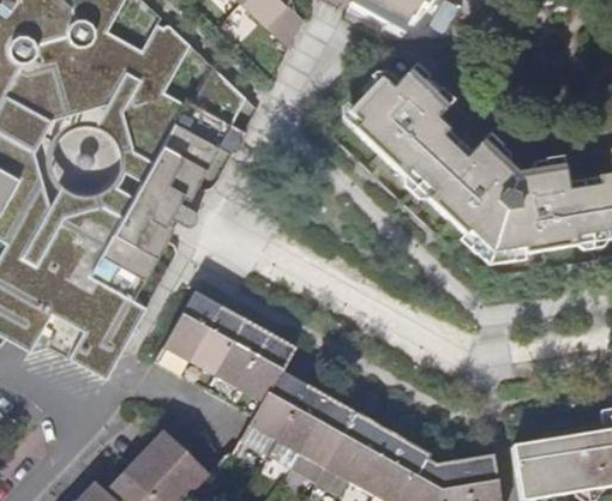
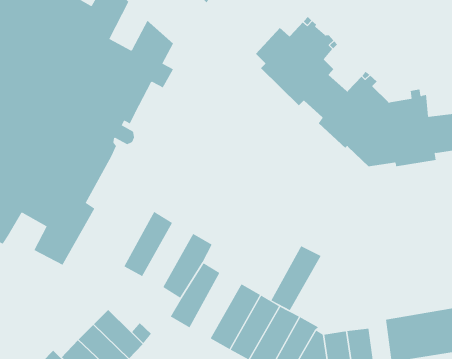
building: [155,294,220,378] -> none
building: [205,322,269,404] -> none
building: [265,386,330,469] -> [270,245,322,311]

